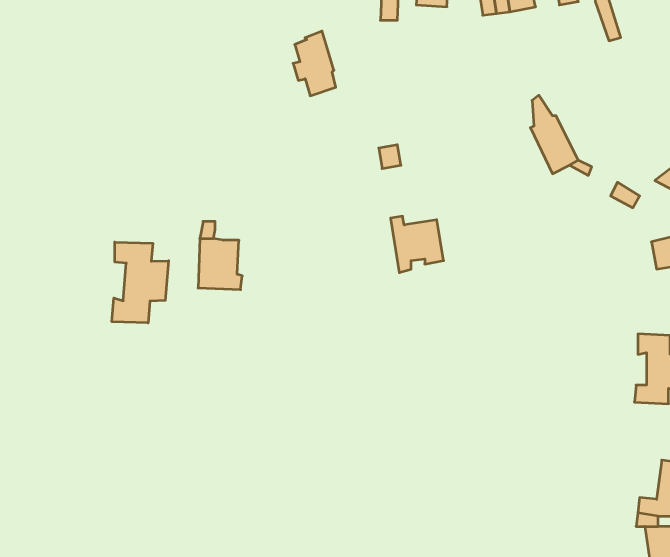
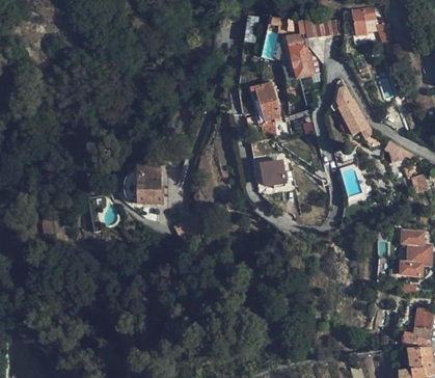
building: none -> [282,36,323,78]
building: [293,31,336,96] -> [253,83,279,123]
building: [112,242,169,323] -> none

